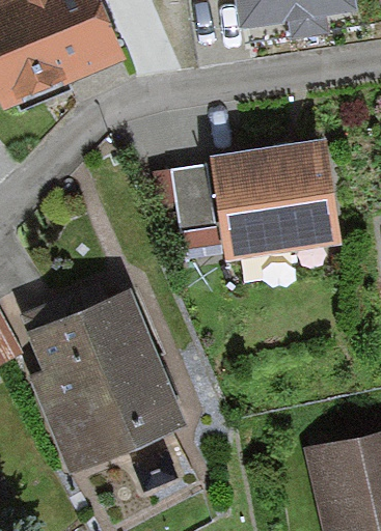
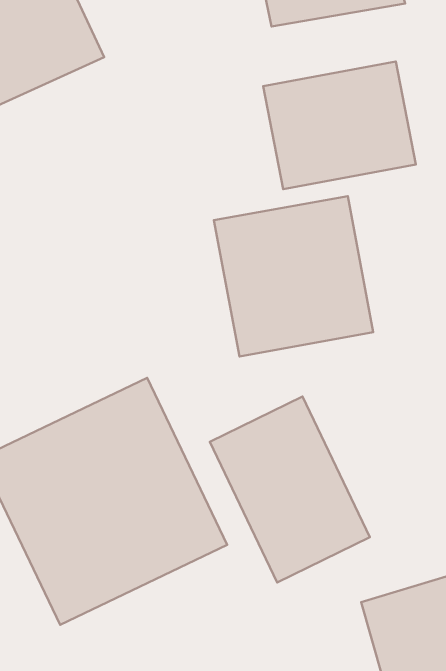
building: none -> [263,62,416,189]
building: none -> [210,396,370,583]

